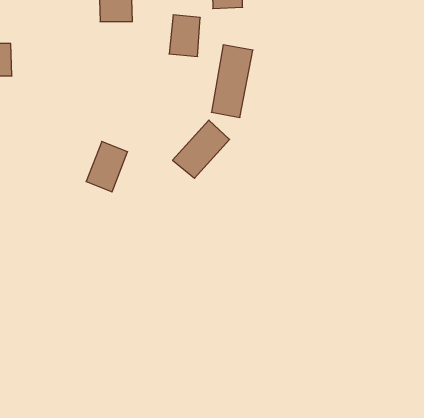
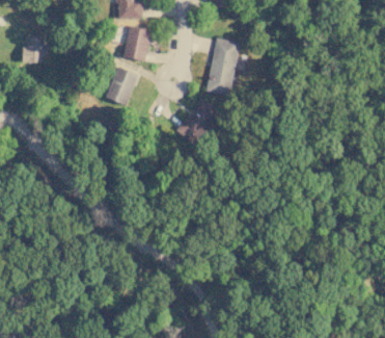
building: [169,15,200,56] -> [123,27,148,60]
building: [86,141,128,192] -> [105,66,138,106]

